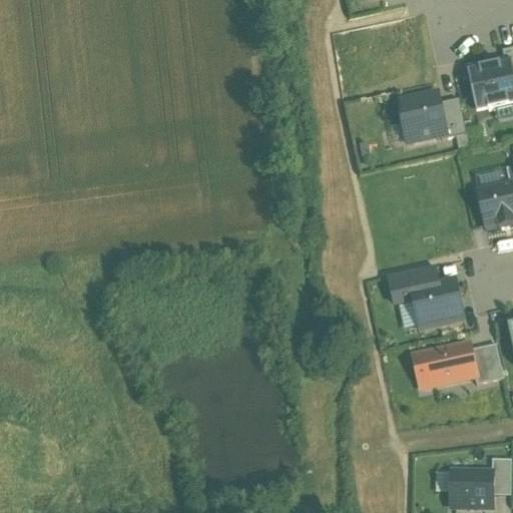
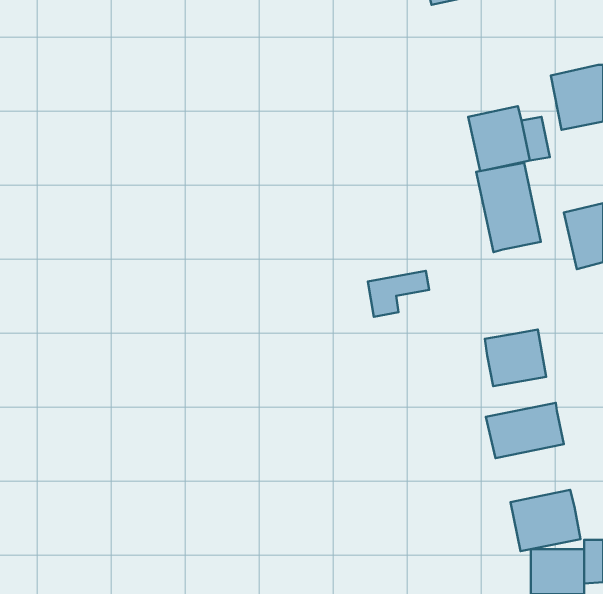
building: none -> [476,163,541,252]
building: [387,267,439,306] -> [368,271,429,317]
building: [472,344,504,384] -> none
building: none -> [510,490,580,551]

